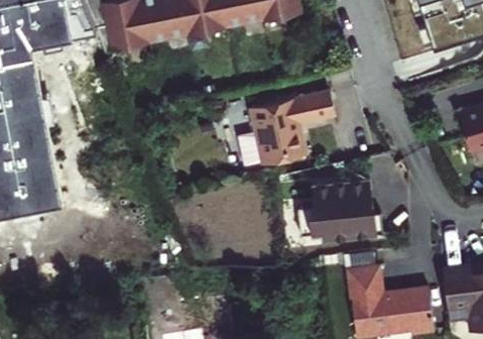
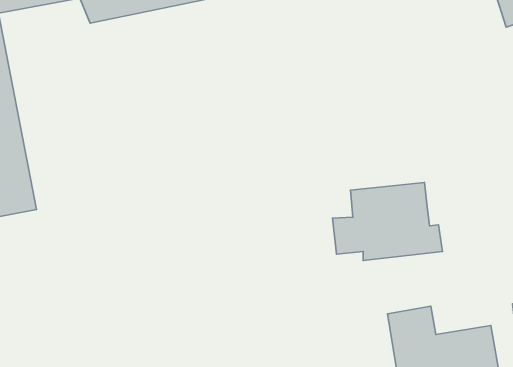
building: [237,88,334,163] -> none

